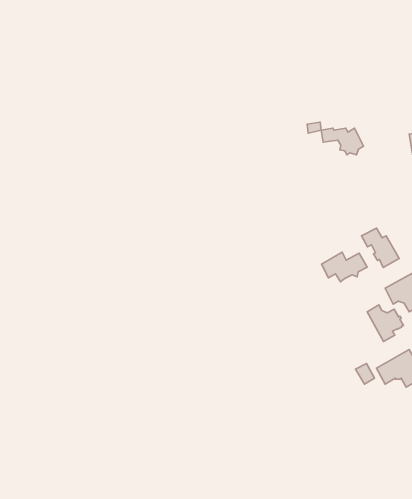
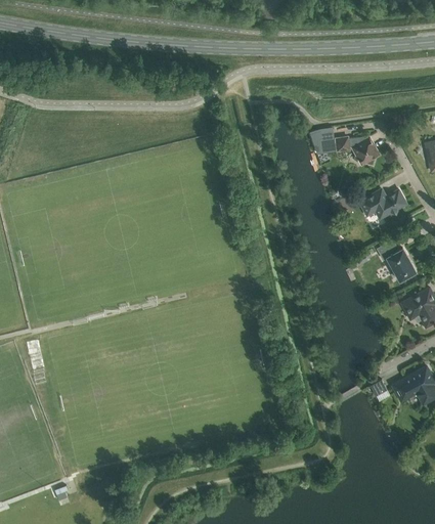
building: [322,252,367,282] -> [359,189,406,220]
building: [367,305,403,342] -> none

